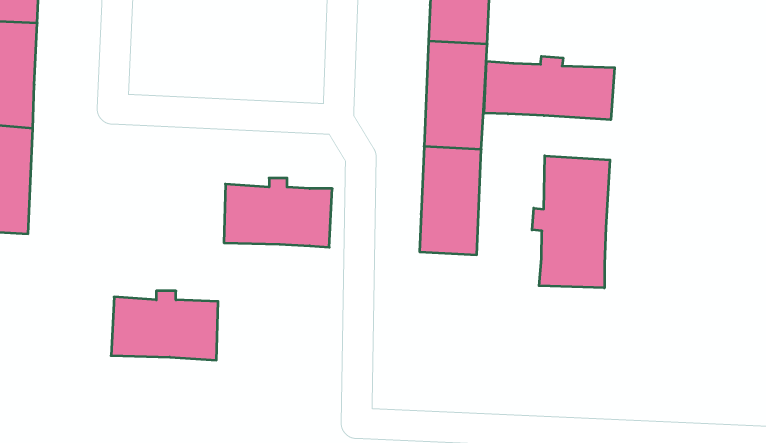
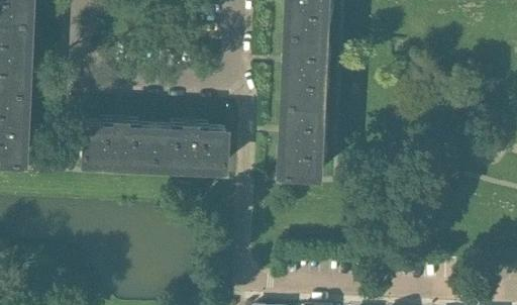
building: [484,56,615,120] -> none
building: [532,156,610,288] -> none
building: [111,291,218,360] -> [81,118,152,165]

